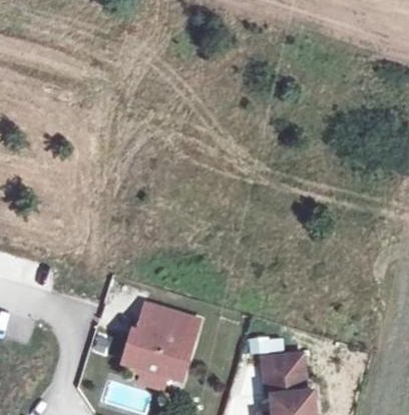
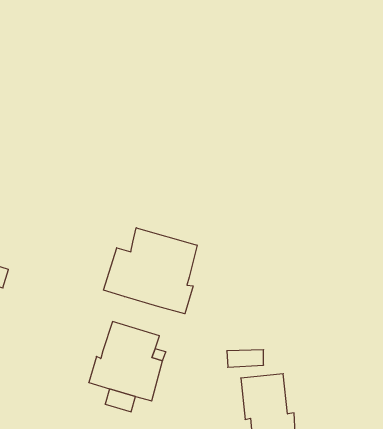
building: none -> [103,228,197,314]

